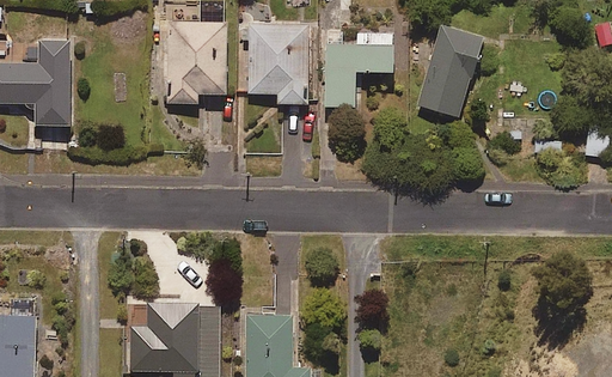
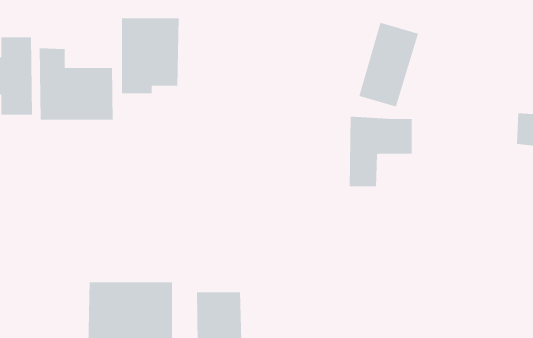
building: [247,23,307,104] -> none
building: [324,31,392,107] -> [349,116,413,187]
building: none -> [39,48,113,121]

